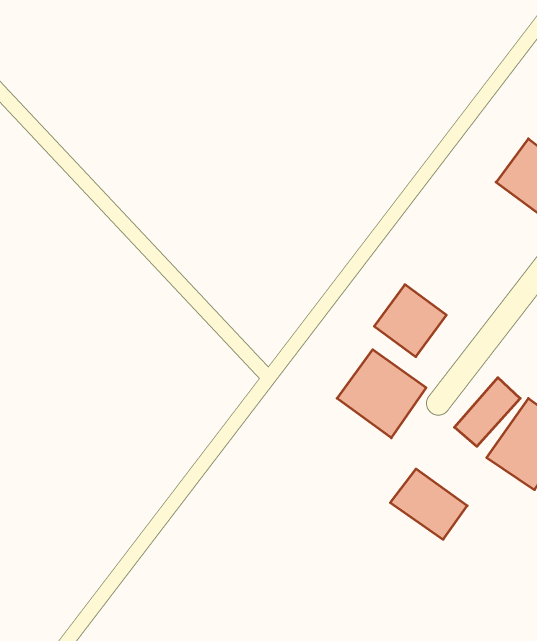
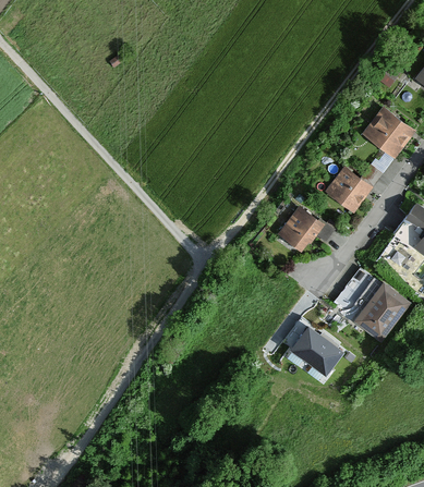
building: none -> [323,165,372,214]
building: [337,350,426,438] -> none

